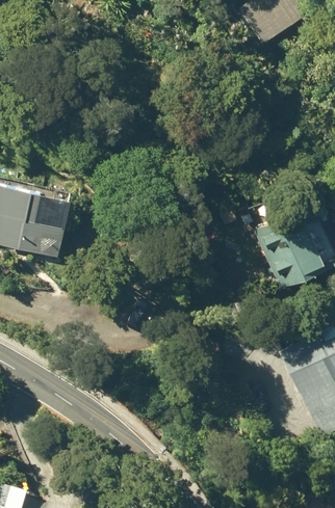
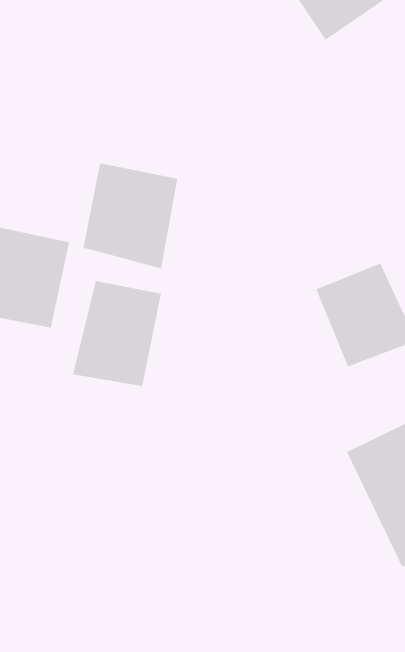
building: none -> [83,162,178,269]
building: none -> [72,280,162,387]

